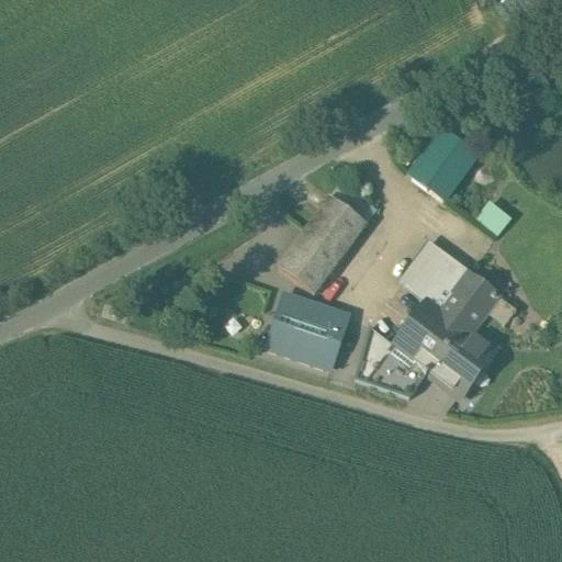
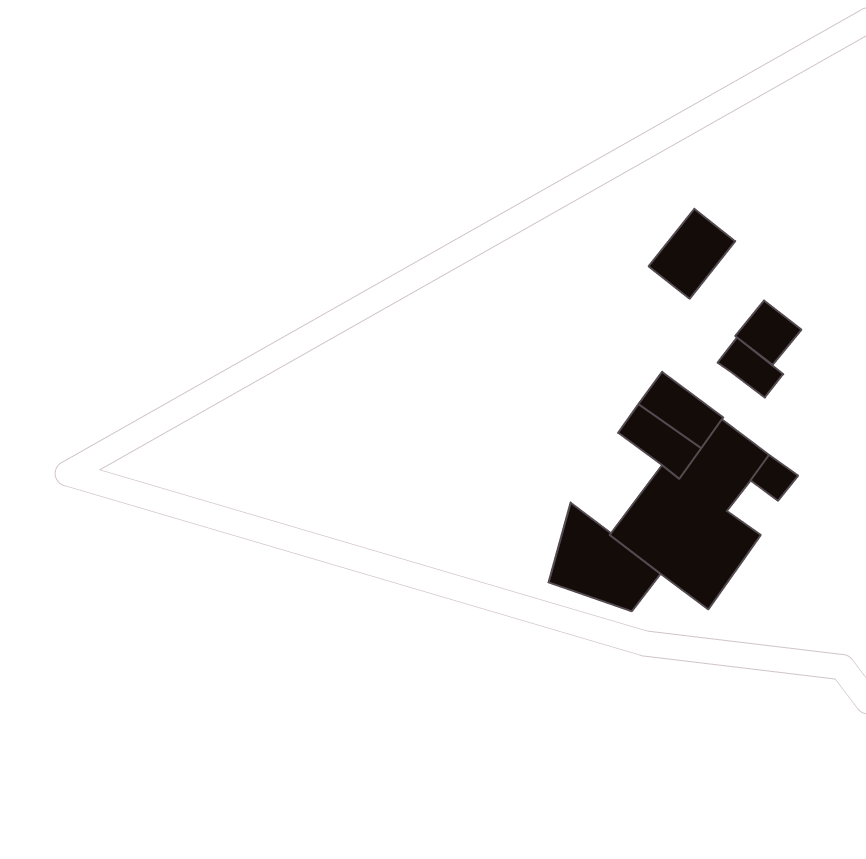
building: [279,195,367,292] -> none
building: none -> [718,337,783,398]
building: [267,292,349,369] -> none

